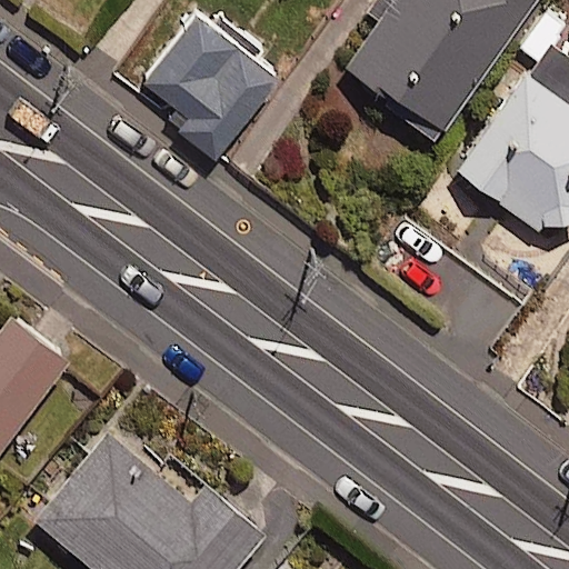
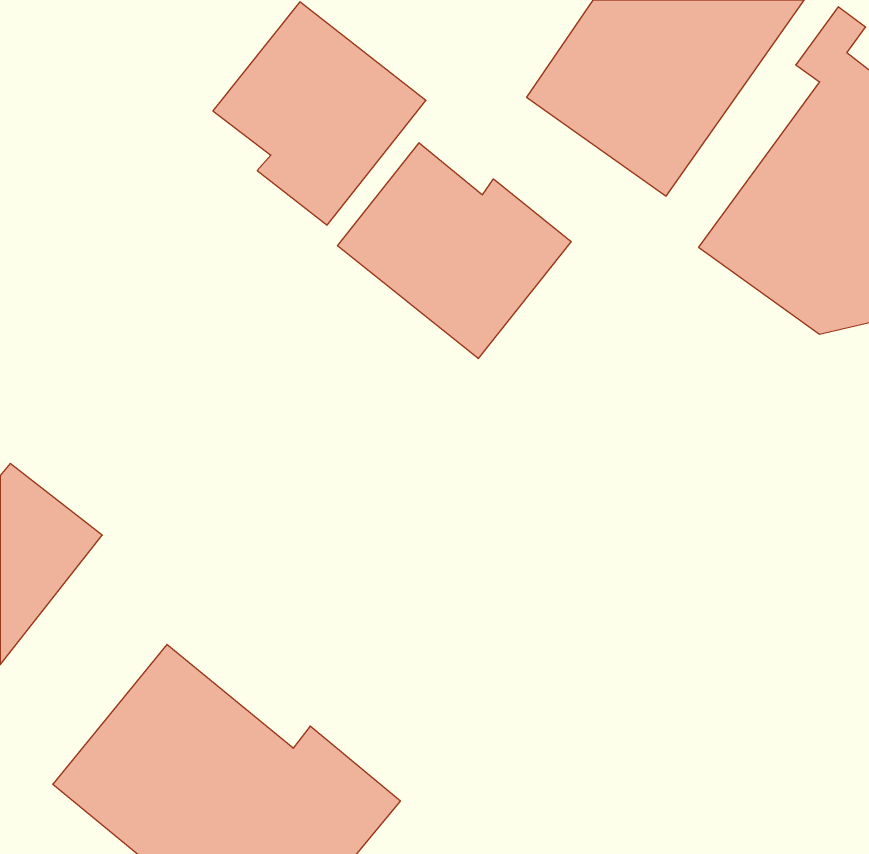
building: none -> [338,143,571,359]

